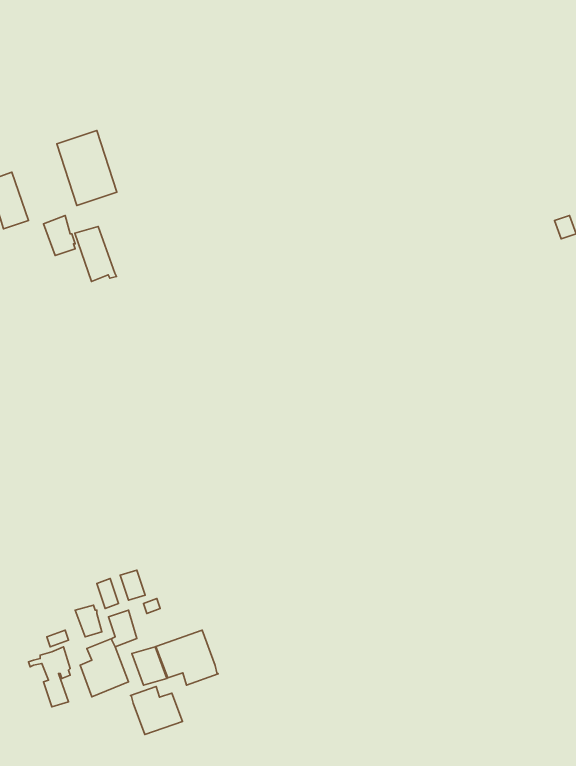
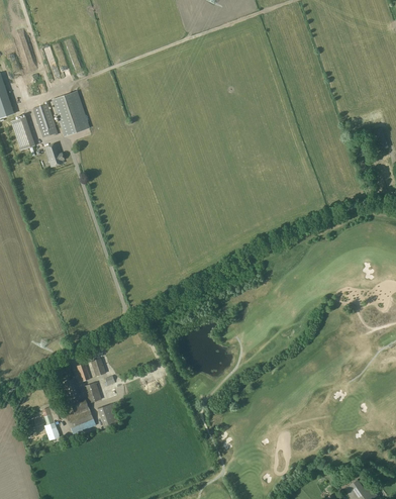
building: [75,227,116,282] -> [33,104,59,137]
building: [156,630,218,685] -> none
building: [131,686,183,735] -> none

